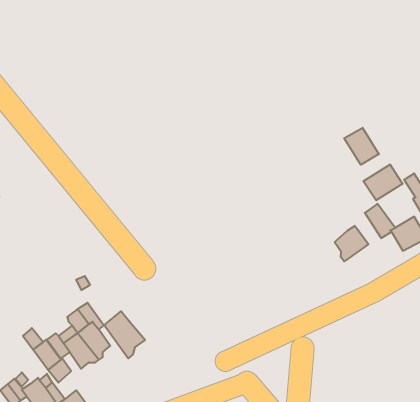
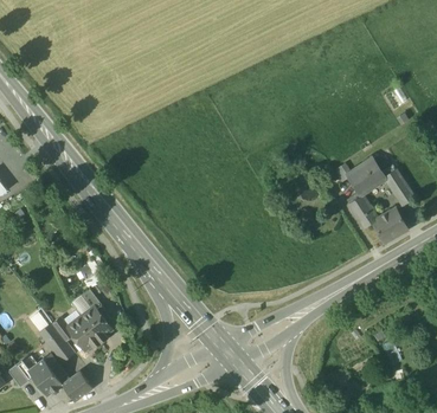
building: [344,128,379,165] -> none
building: [335,226,368,261] -> none
building: [104,311,145,358] -> none

